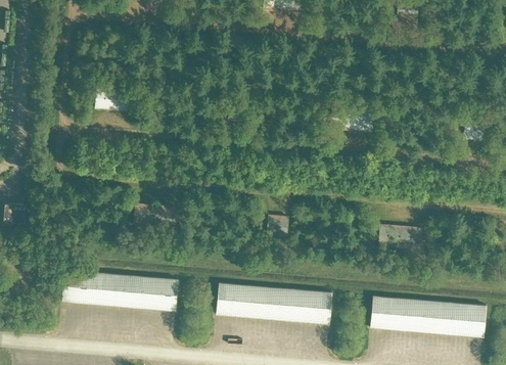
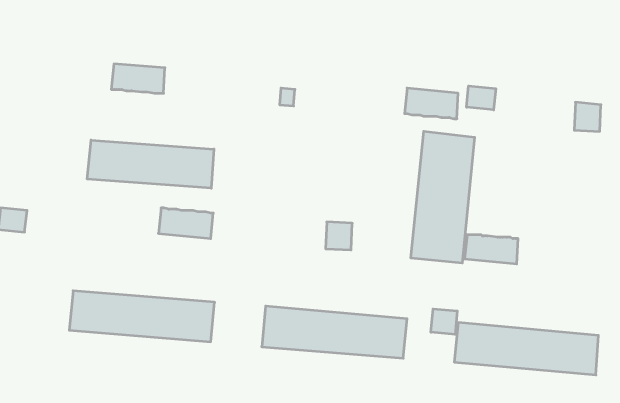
building: none -> [467,86,496,110]
building: none -> [411,131,475,263]
building: none -> [87,140,214,188]
building: none -> [431,309,457,334]

